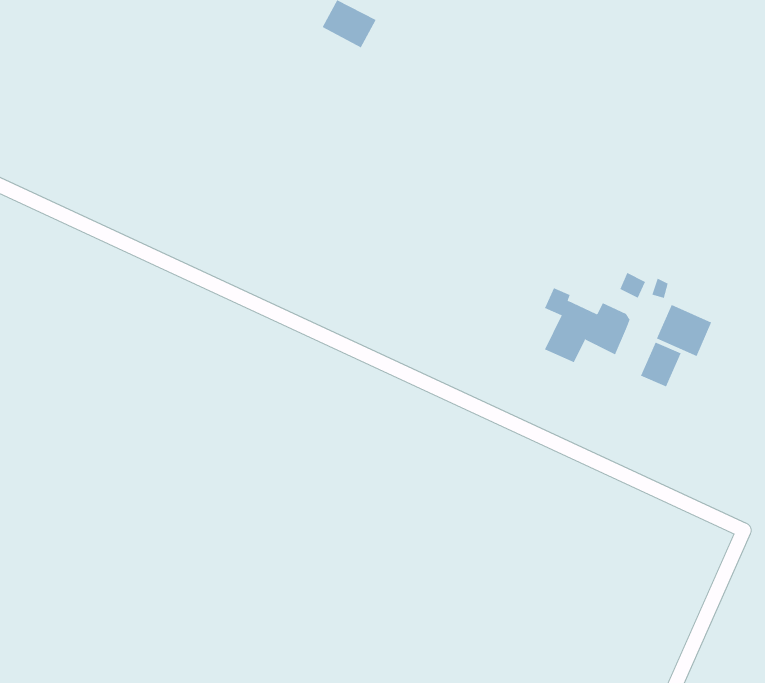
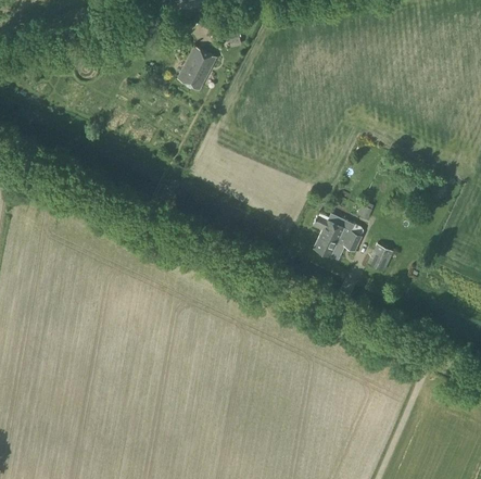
building: none -> [178,62,208,90]
building: [656,304,712,357] -> none

